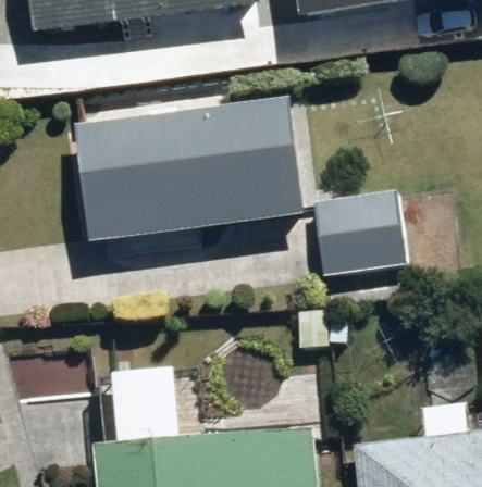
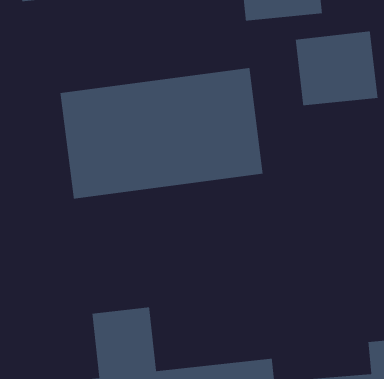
building: [313,183,407,267] -> [295,30,378,106]

